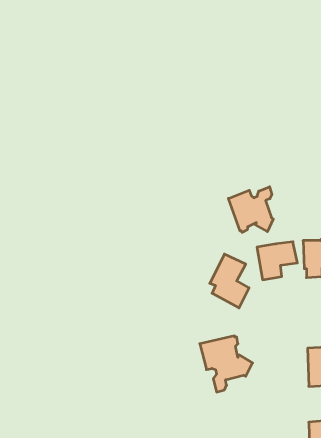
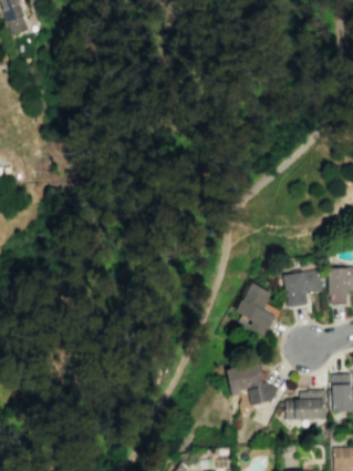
building: [228,187,273,232] -> none
building: none -> [285,389,328,420]

